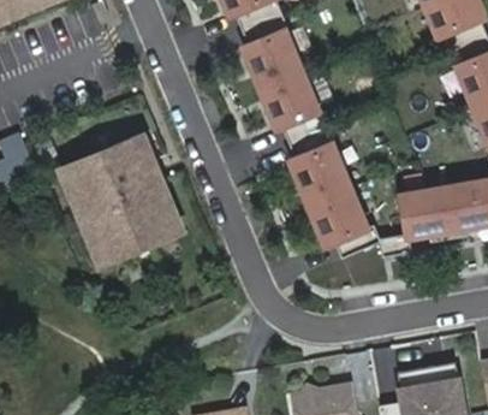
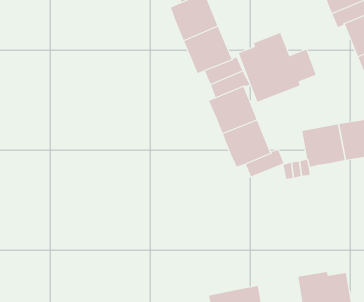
building: none -> [238,32,316,102]
building: [55,132,171,262] -> none

